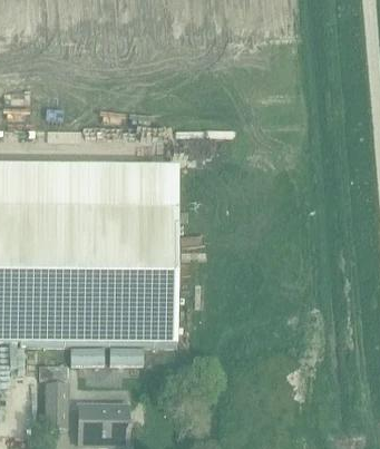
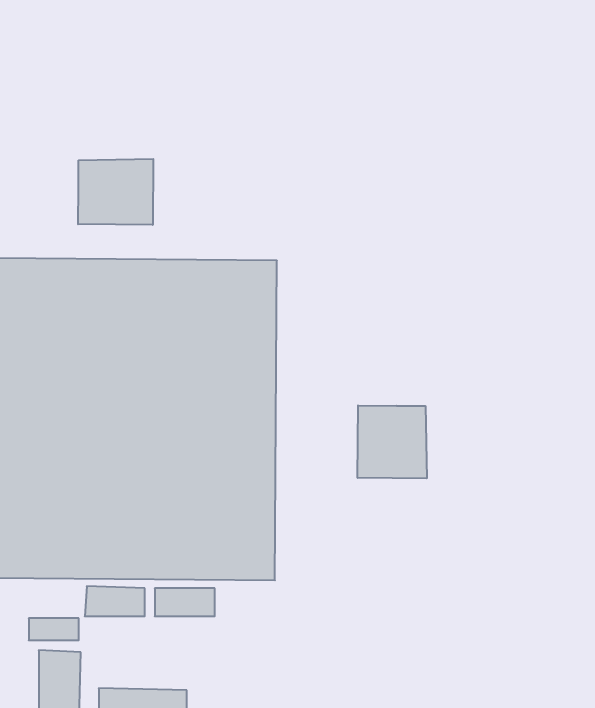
building: none -> [78,159,153,225]
building: none -> [358,405,427,478]

